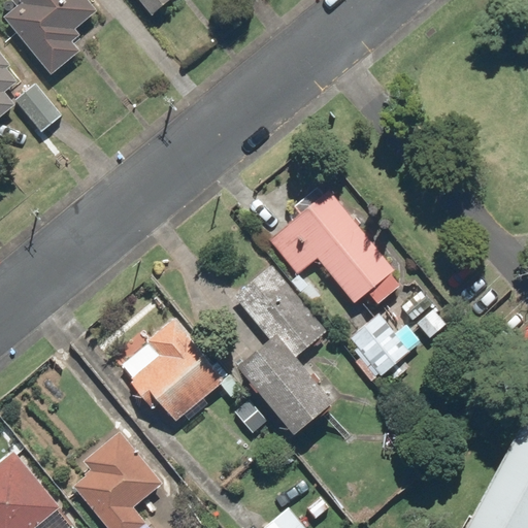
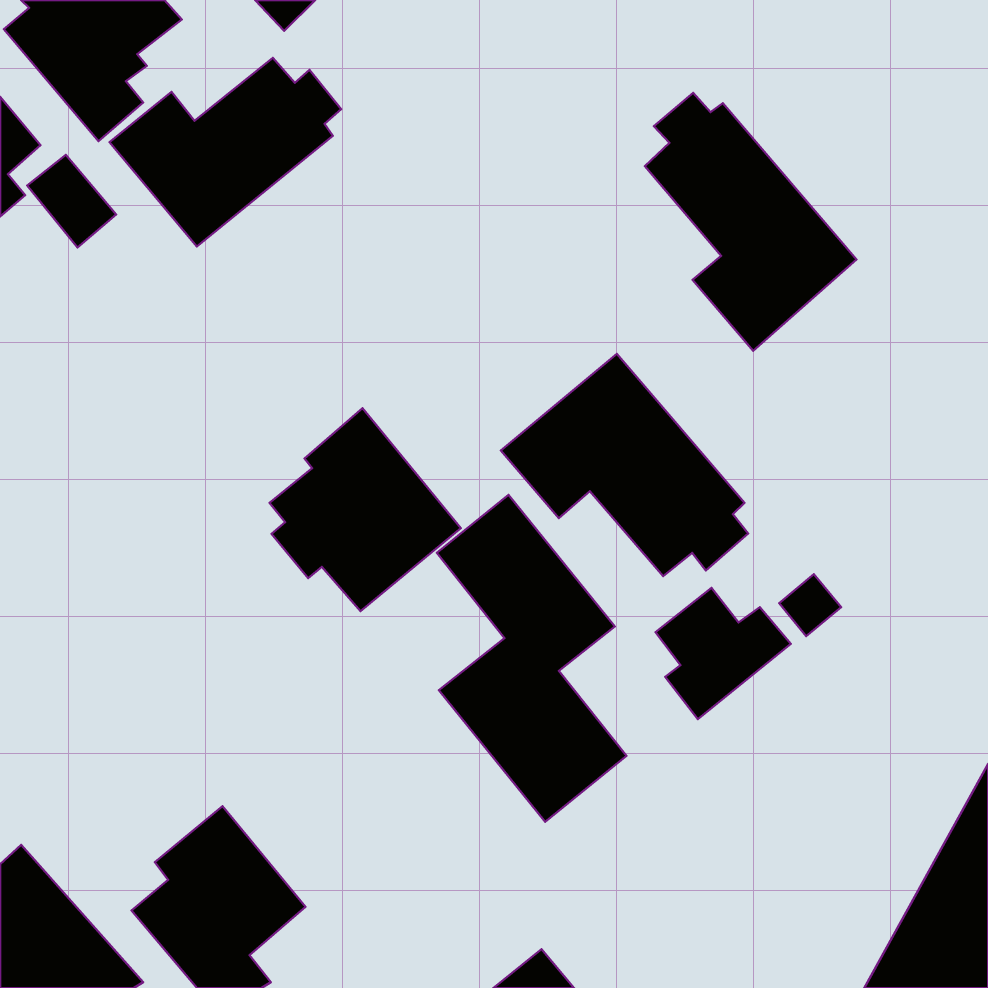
building: none -> [110,58,341,247]
building: none -> [645,93,857,351]
building: [125,316,227,424] -> [270,408,461,611]

